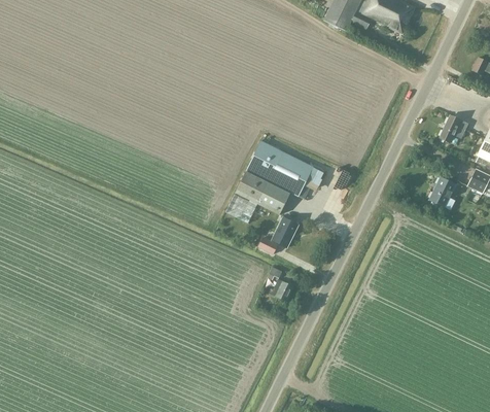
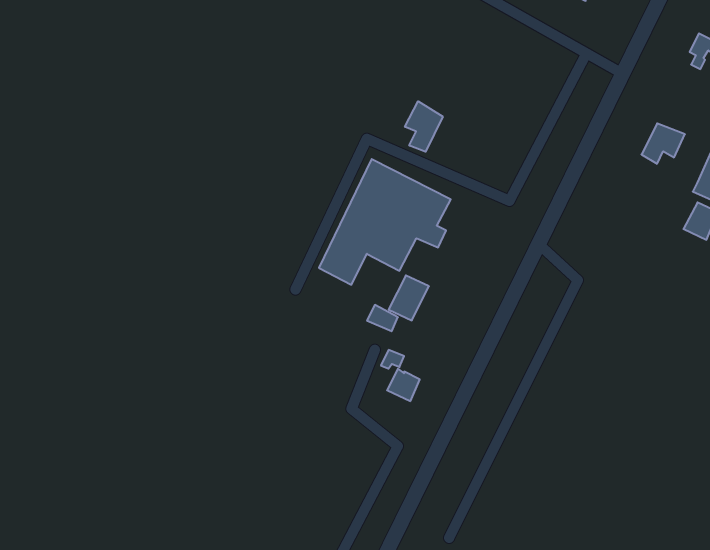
building: none -> [405,101,443,152]
building: [429,176,456,206] -> none

